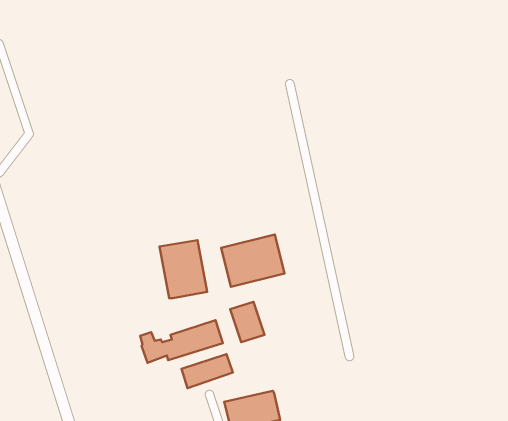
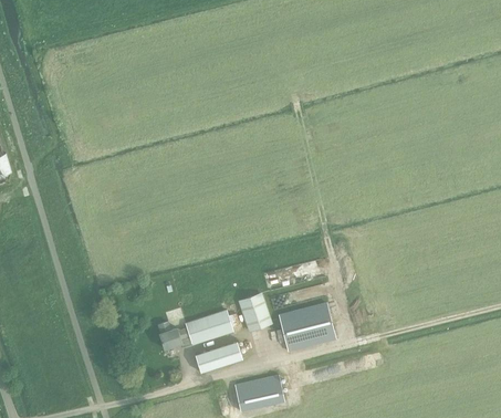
building: [221,234,285,287] -> [278,303,335,351]
building: [159,240,207,298] -> none

